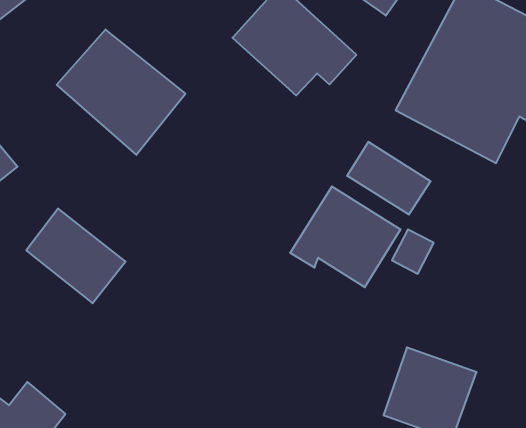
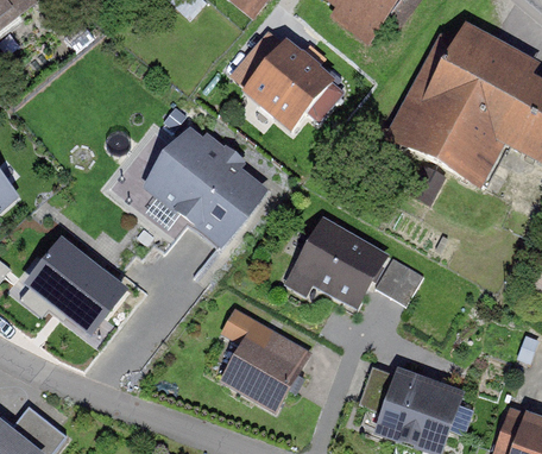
building: [57,29,185,155] -> [143,127,267,248]
building: [347,142,431,215] -> none
building: none -> [219,328,311,411]

